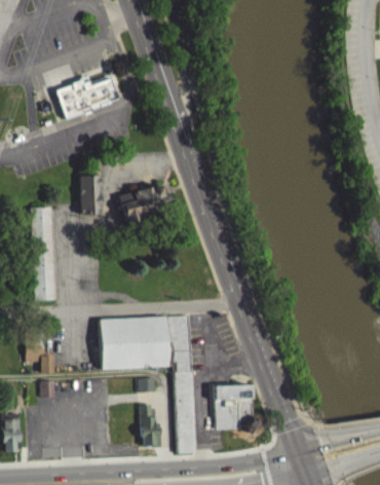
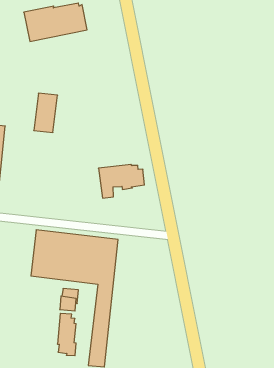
building: [119,184,170,224] -> [98,164,144,198]
building: [213,383,259,433] -> none

